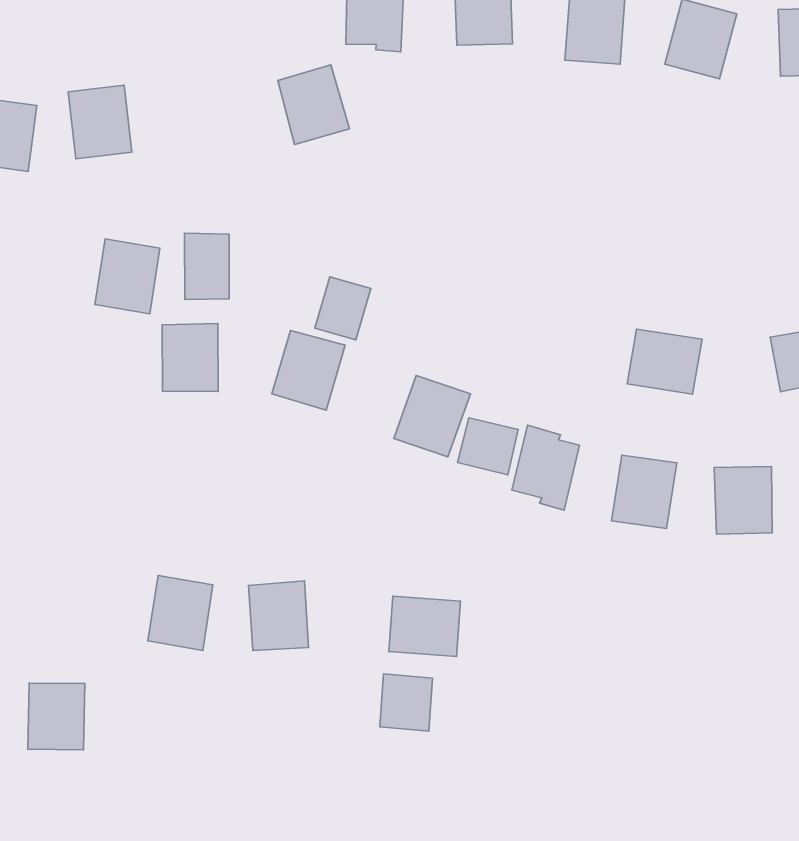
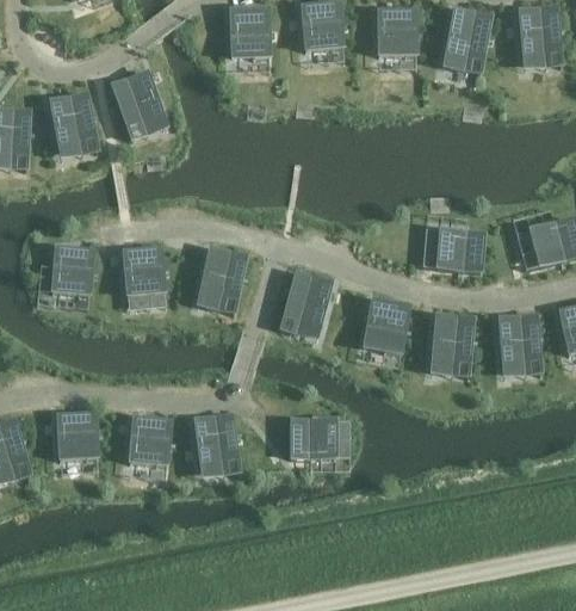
building: [278,65,350,145] -> [112,72,162,126]
building: [184,233,229,300] -> none
building: [95,239,160,314] -> [52,247,93,295]
building: [315,277,371,340] -> none
building: [457,418,518,475] -> none
building: [380,674,433,731] -> none
building: [28,683,85,750] -> [58,413,98,459]

